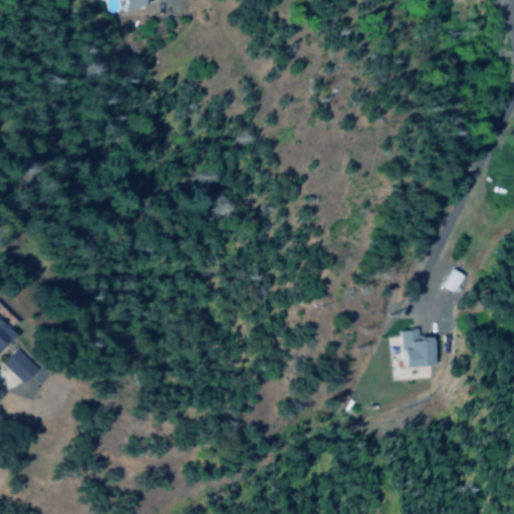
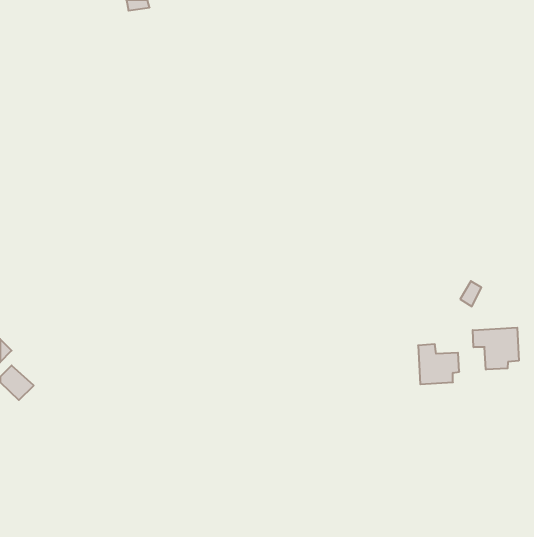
building: none -> [473,328,519,370]

